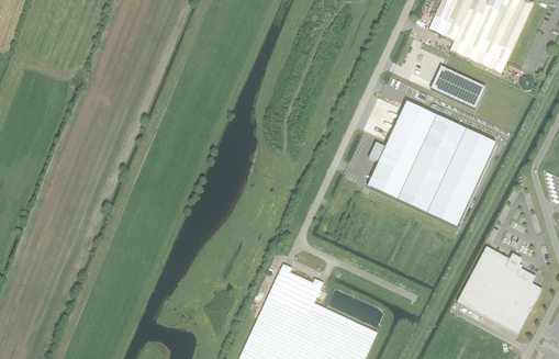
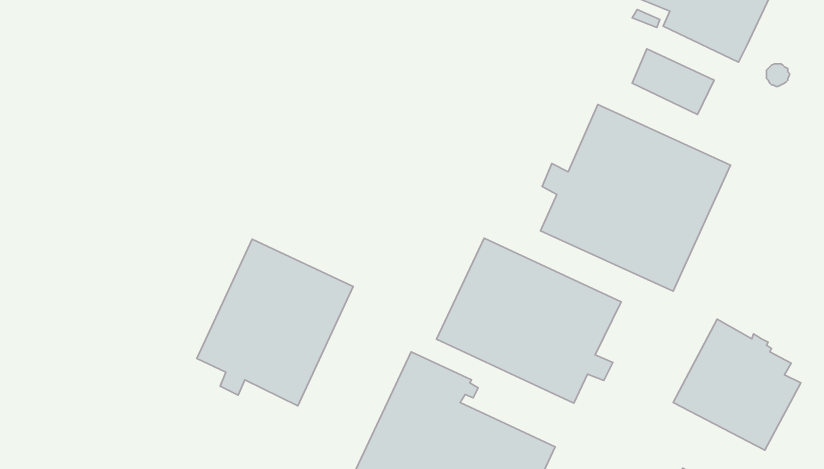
building: none -> [437,238,621,403]
building: none -> [197,239,353,406]

